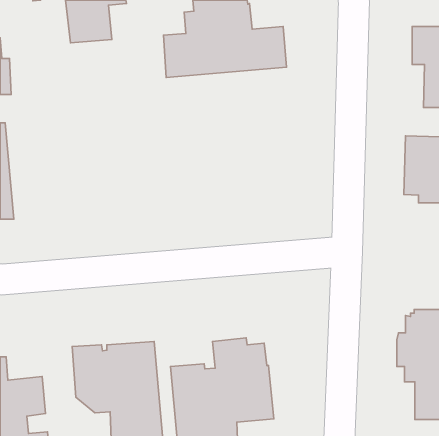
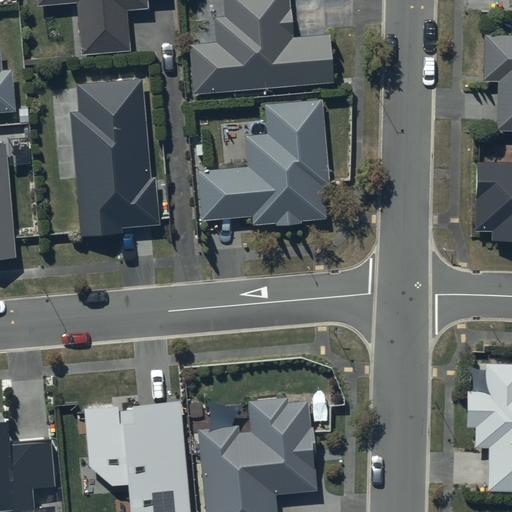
building: none -> [71,80,158,236]
building: none -> [197,99,330,226]

